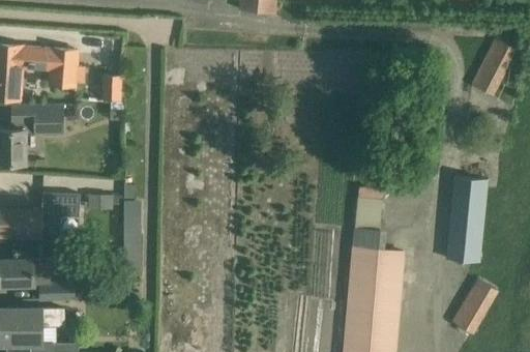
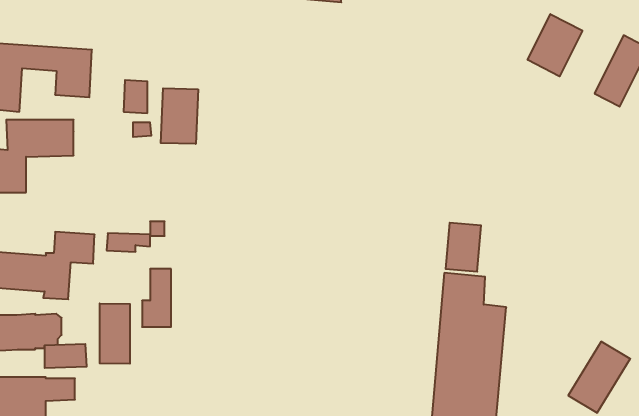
building: none -> [528,14,582,76]
building: none -> [161,88,198,144]
building: [446,176,488,262] -> none
building: none -> [100,303,130,364]

